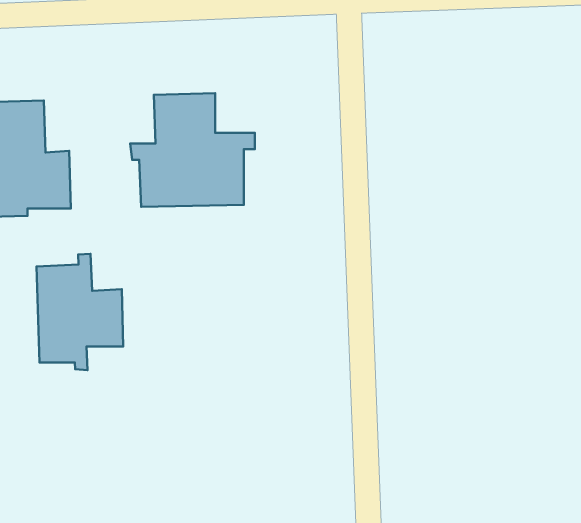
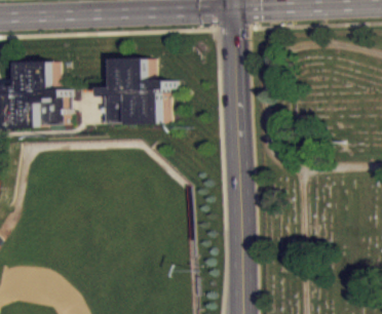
building: [37,254,123,370] -> none

